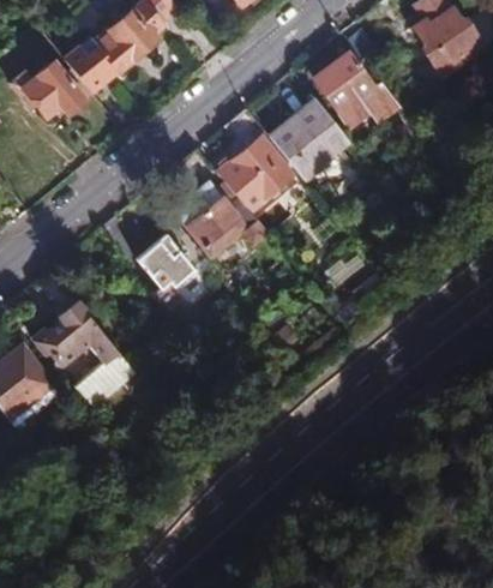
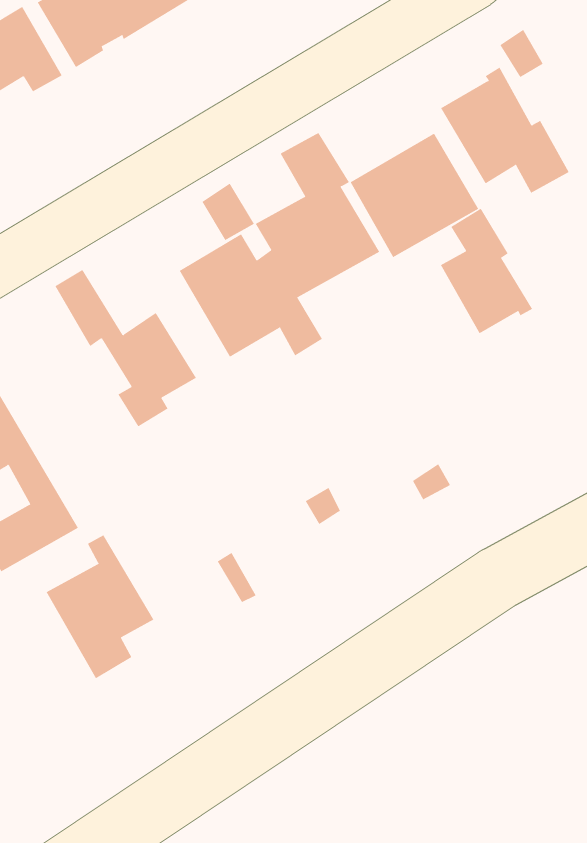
building: none -> [440,208,533,334]
building: none -> [46,535,154,679]

